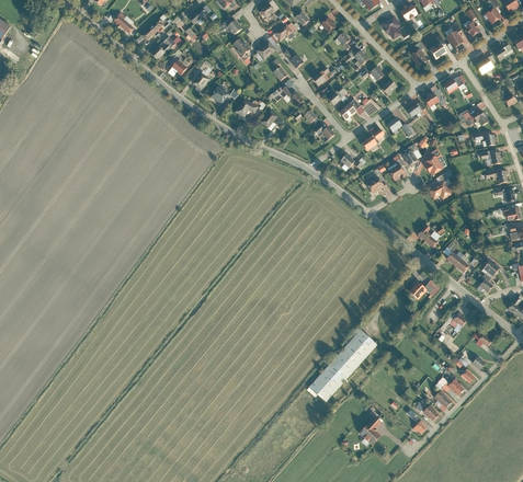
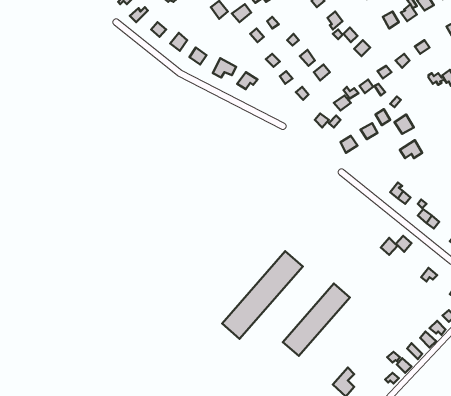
building: none -> [222,251,303,339]

